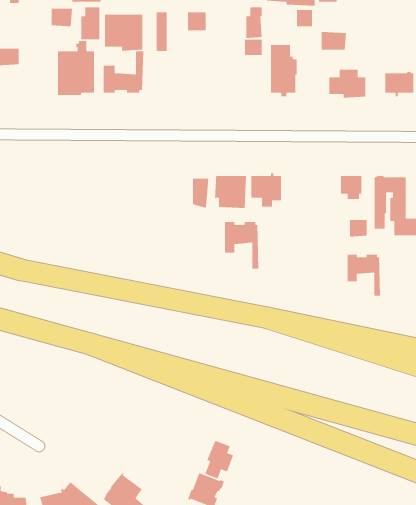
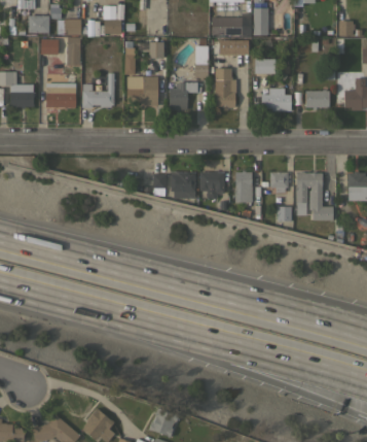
building: [104,14,143,51] -> [127,76,158,106]
building: none -> [170,81,198,110]
building: none -> [10,86,34,109]
building: none -> [235,171,252,202]
building: [224,221,259,270] -> none
building: [347,254,381,296] -> none
building: [204,440,234,479] -> none

